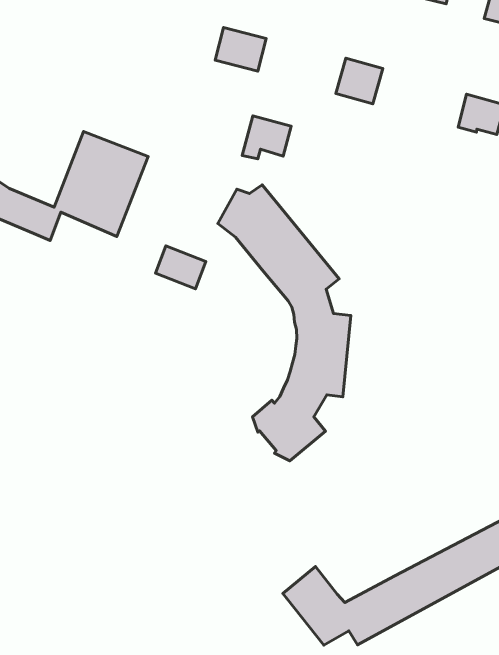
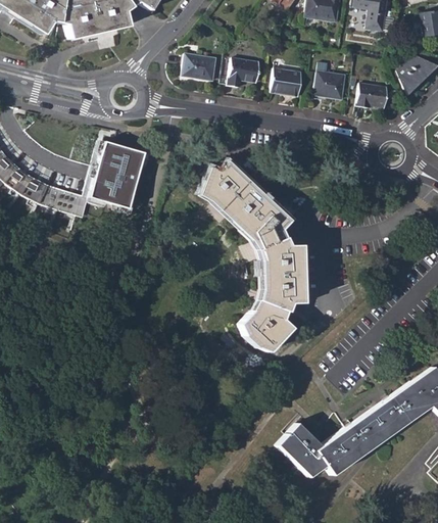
building: none -> [317,64,347,99]
building: [242,116,291,159] -> [229,58,260,88]
building: [156,246,206,289] -> none

